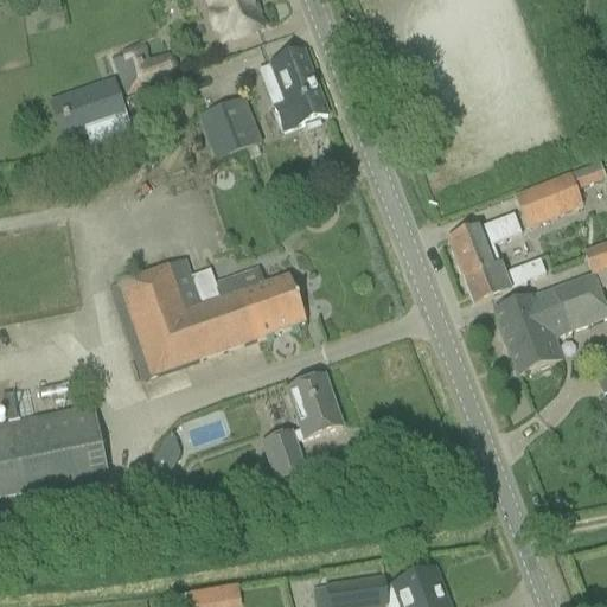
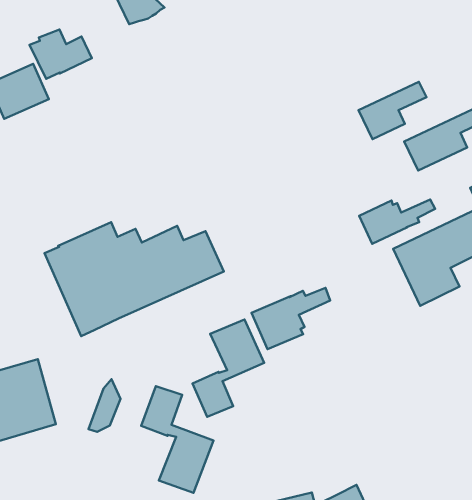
building: [271,50,327,129] -> none
building: [197,96,261,159] -> none
building: [447,211,523,270] -> [359,82,426,139]
building: none -> [252,288,330,349]
building: none -> [141,386,213,493]

